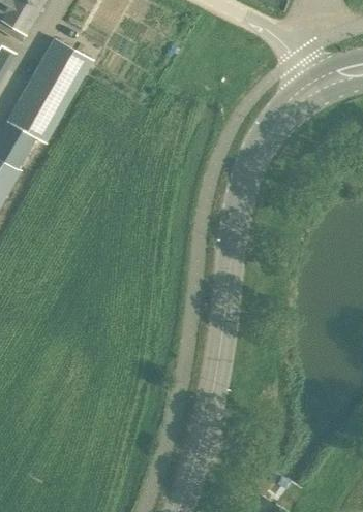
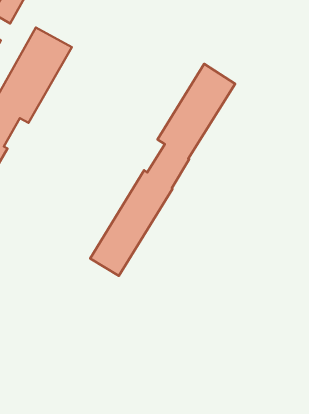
building: none -> [90,64,235,276]

